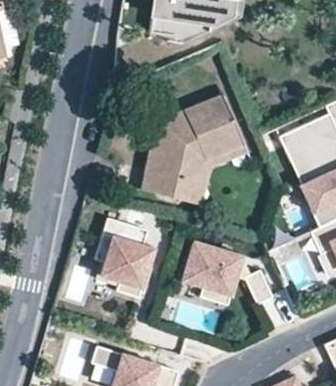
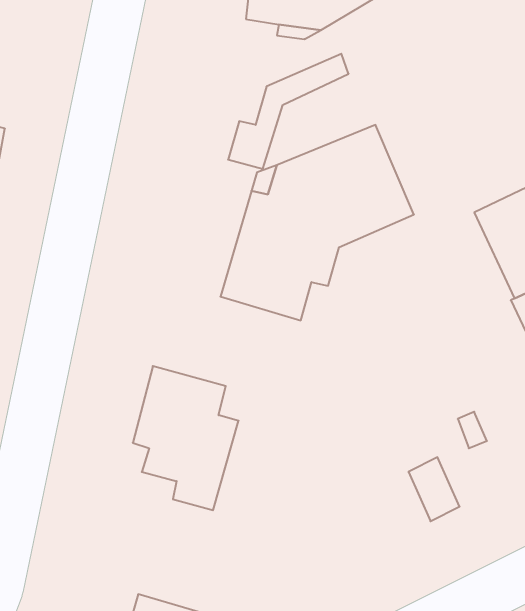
building: [184,138,250,202] -> [228,54,349,169]
building: [181,244,243,308] -> none

